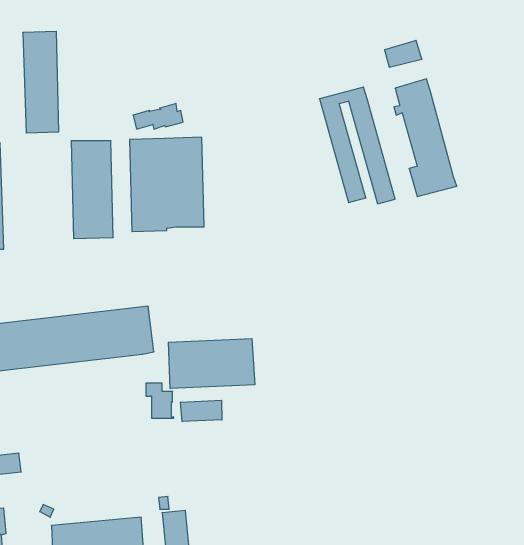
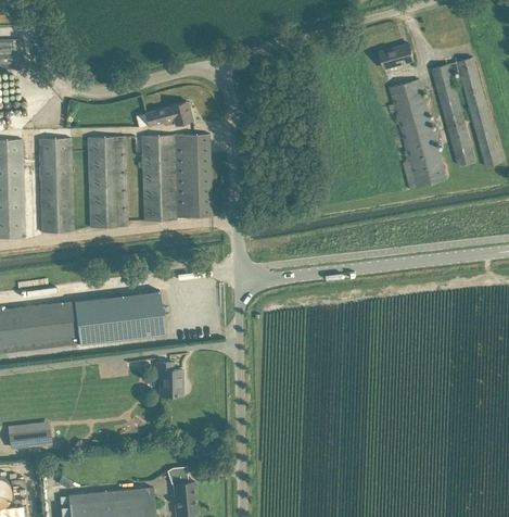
building: [23,31,59,133] -> [38,138,72,232]
building: [319,87,395,204] -> [431,58,501,166]
building: [168,339,255,389] -> none
building: [181,400,222,422] -> none

